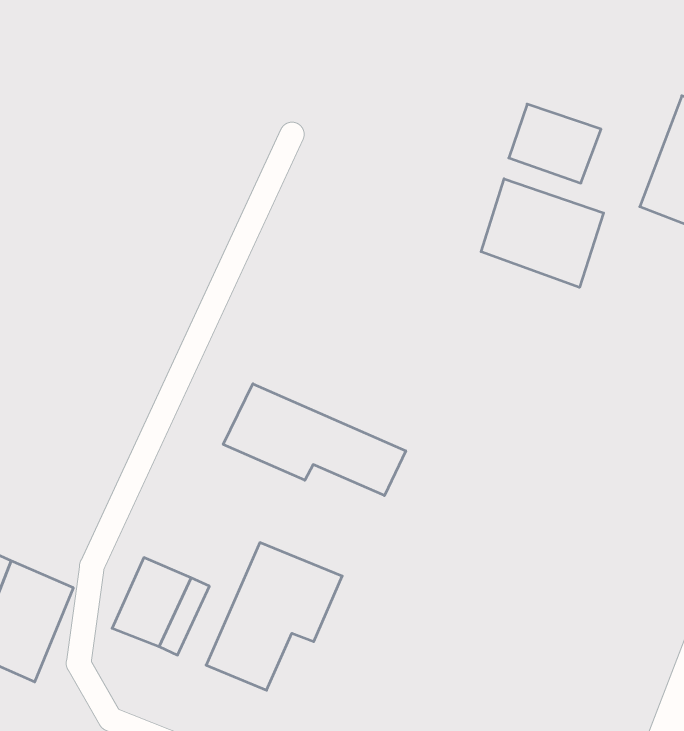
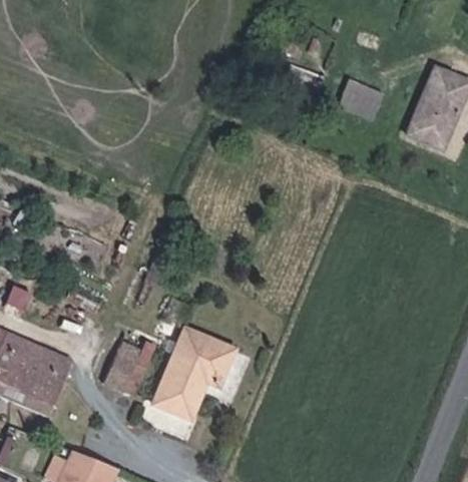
building: [481,179,604,287] -> none
building: [223,384,406,496] -> none

